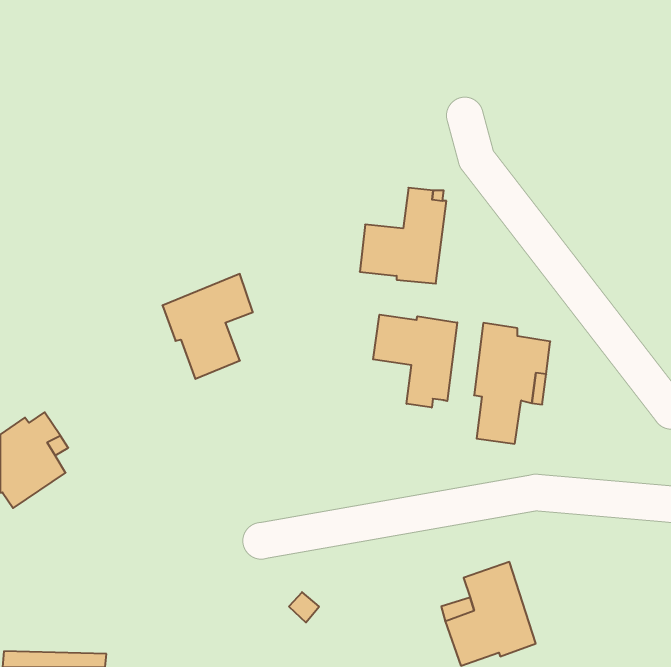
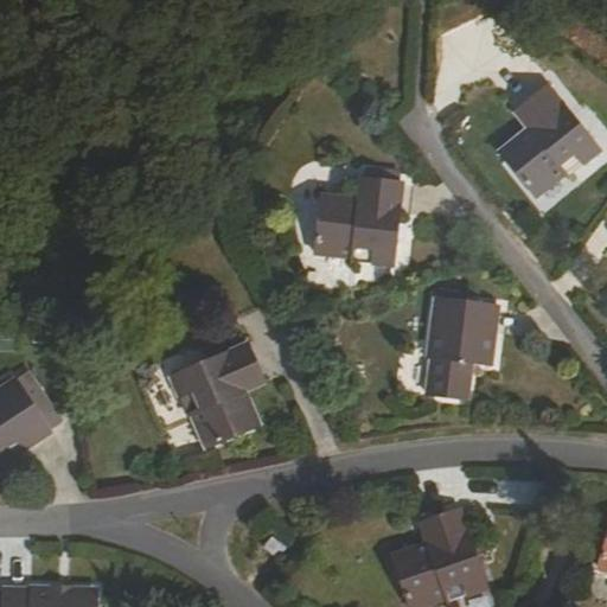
building: none -> [510,97,594,199]
building: [162,274,253,379] -> [175,344,257,439]
building: [373,315,457,408] -> none

